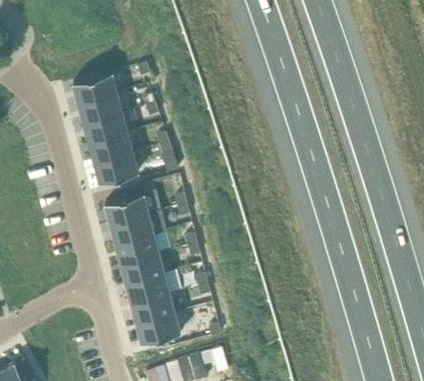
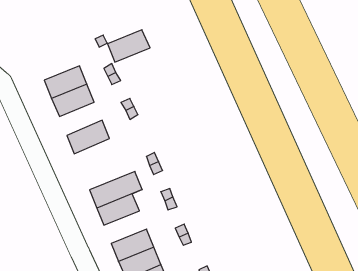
building: [73,72,117,102] -> [108,30,150,62]
building: [89,132,133,163] -> none
building: [104,193,160,224] -> none
building: [120,253,164,283] -> none

